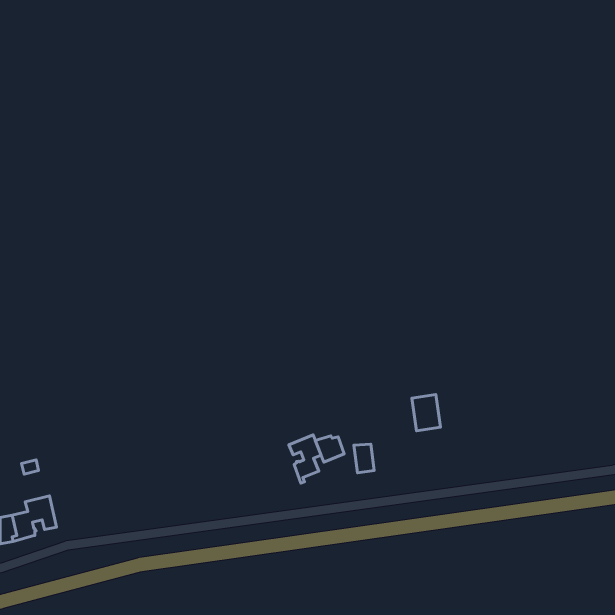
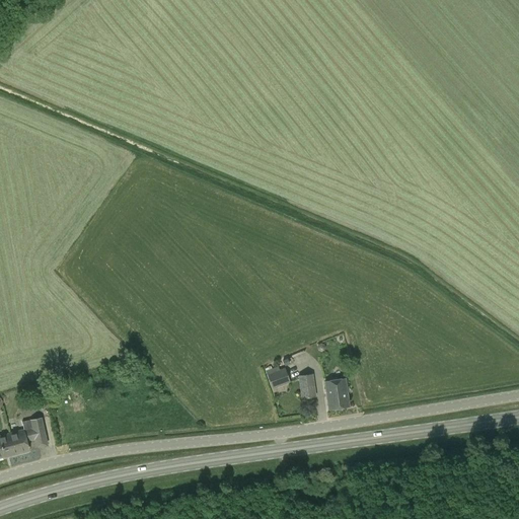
building: [412,395,441,431] -> [324,379,349,410]
building: [289,435,321,483] -> none

